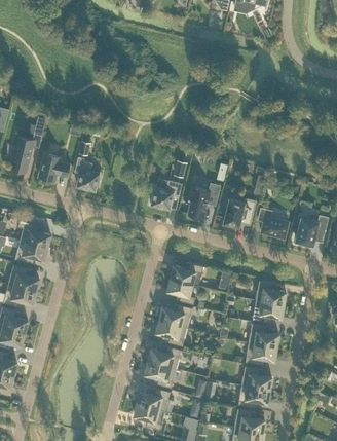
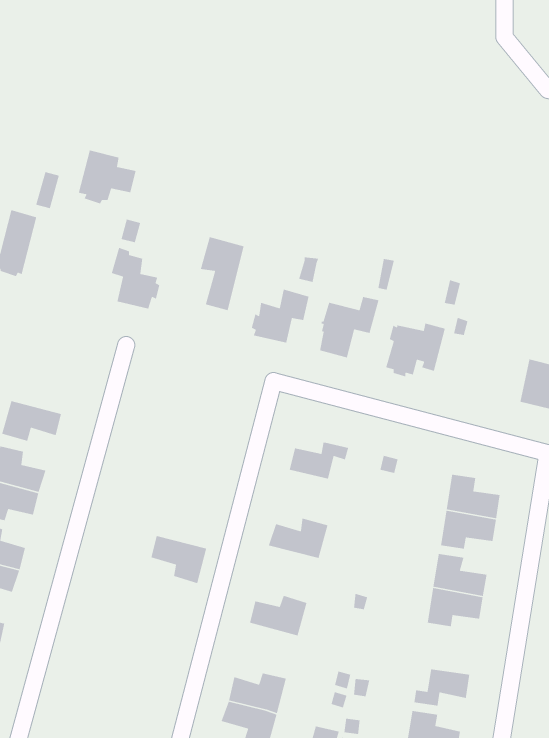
building: none -> [200,236,245,311]
building: [38,152,70,182] -> [78,150,137,204]
building: [257,207,288,237] -> none
building: [18,219,50,247] -> none
building: [167,278,195,303] -> none
building: [156,319,187,345] -> [150,535,207,584]
building: [145,361,176,387] -> none
building: [241,365,271,389] -> none

